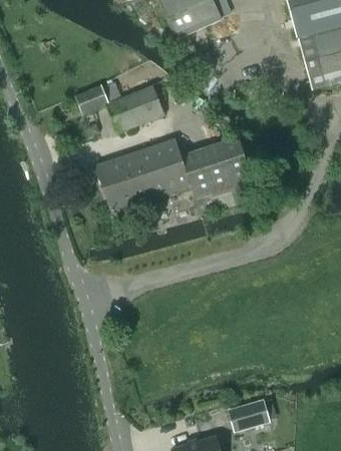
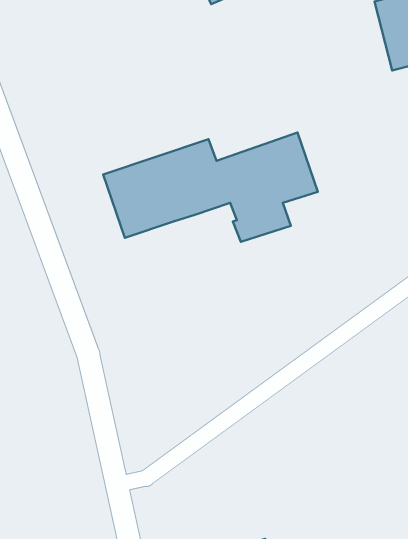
building: [75,84,163,131] -> none
building: [229,398,269,429] -> none

